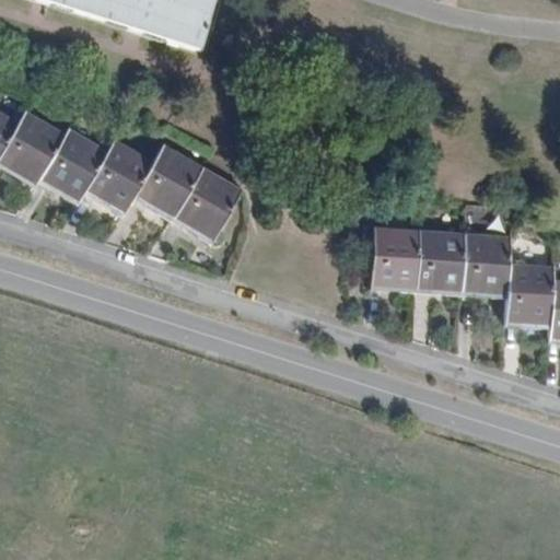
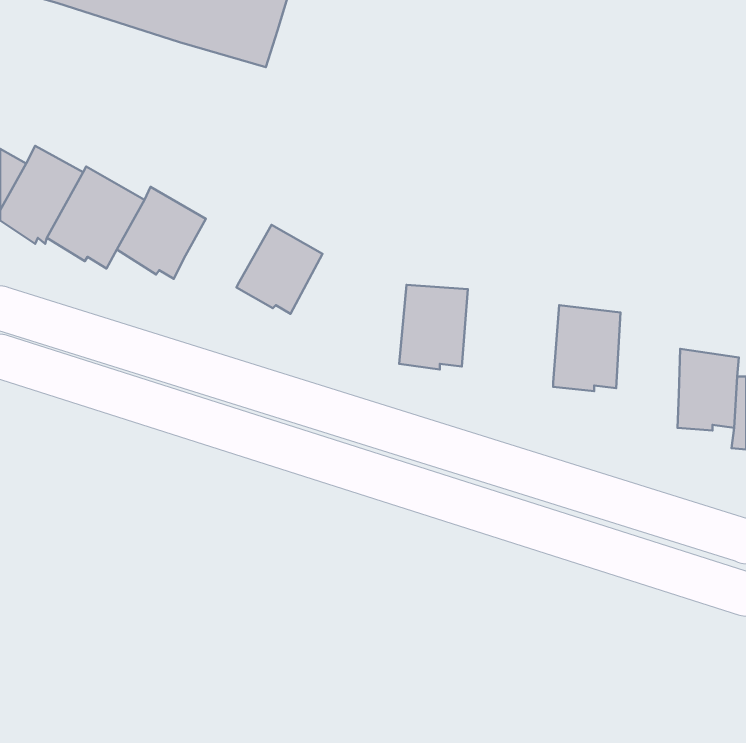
building: [138,147,203,213] -> none
building: [368,225,419,289] -> [399,285,468,370]
building: [462,234,512,296] -> none

